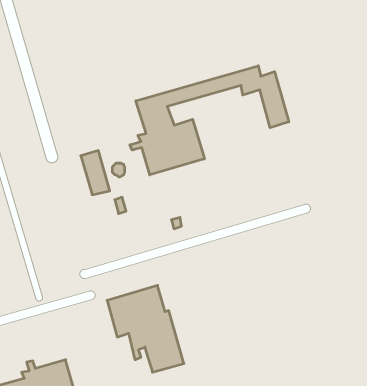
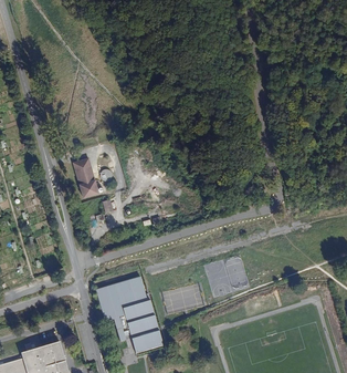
building: [130,66,289,175] -> none

